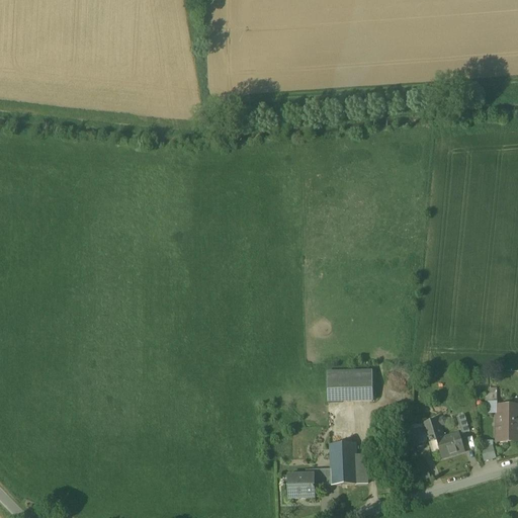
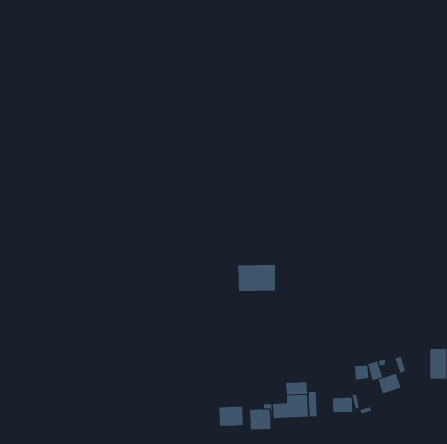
building: [328,368,372,400] -> [237,264,276,292]
building: none -> [333,397,353,413]
building: none -> [219,406,244,426]

